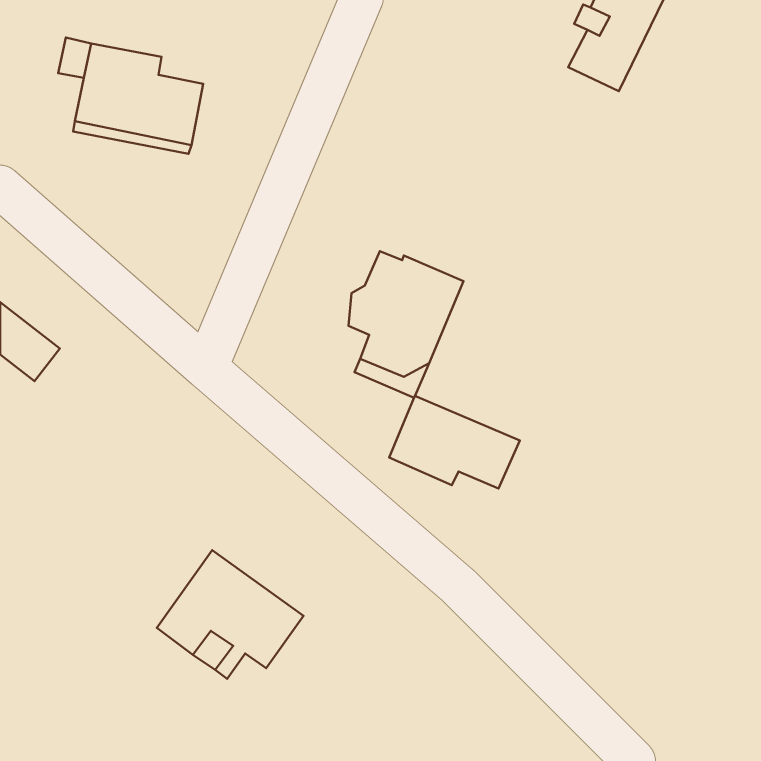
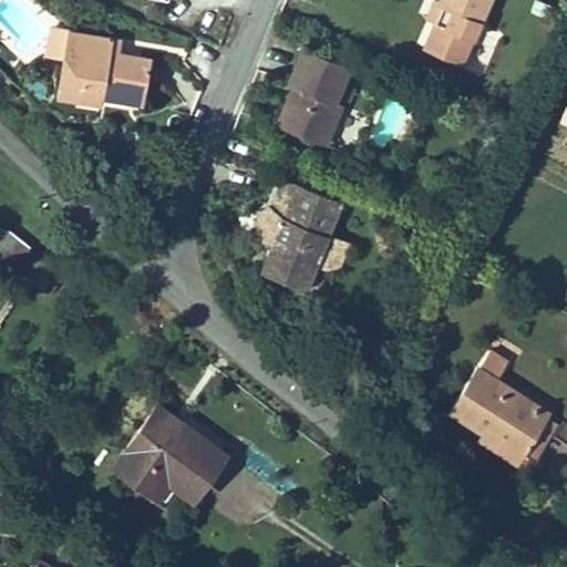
building: none -> [274,52,352,151]
building: [389,396,520,489] -> none
building: none -> [449,351,555,468]

